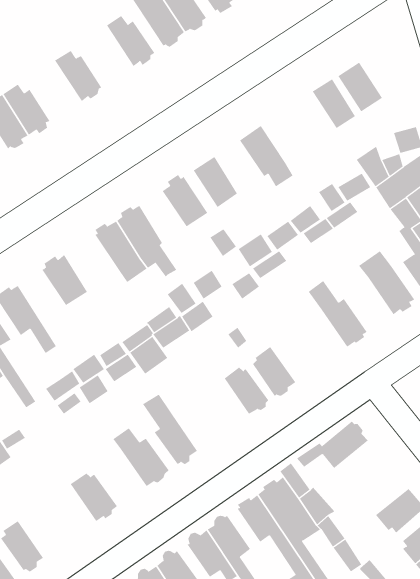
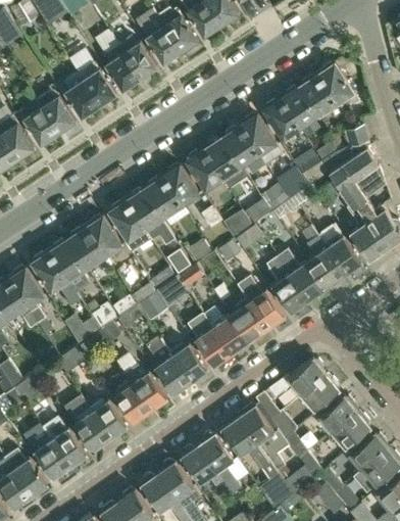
building: none -> [105,46,140,90]
building: none -> [318,63,354,103]
building: none -> [64,74,99,116]
building: none -> [264,98,300,143]
building: none -> [241,114,277,154]
building: none -> [204,139,240,179]
building: none -> [145,177,182,218]
building: none -> [86,216,135,266]
building: none -> [306,236,345,288]
building: none -> [49,239,87,299]
building: none -> [265,256,308,312]
building: none -> [239,277,285,328]
building: none -> [189,314,231,365]
building: none -> [170,344,208,382]
building: none -> [298,374,338,410]
building: none -> [115,381,150,422]
building: none -> [320,396,357,433]
building: none -> [76,409,110,449]
building: none -> [42,417,87,467]

